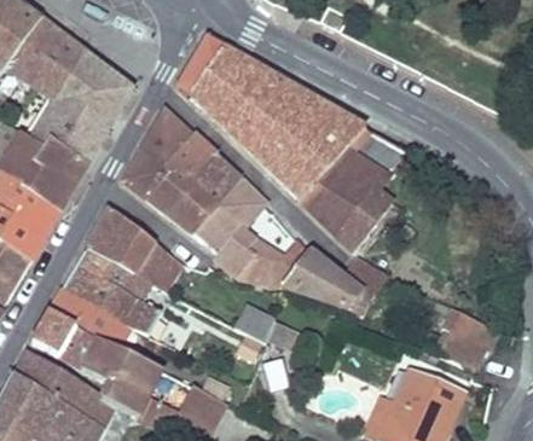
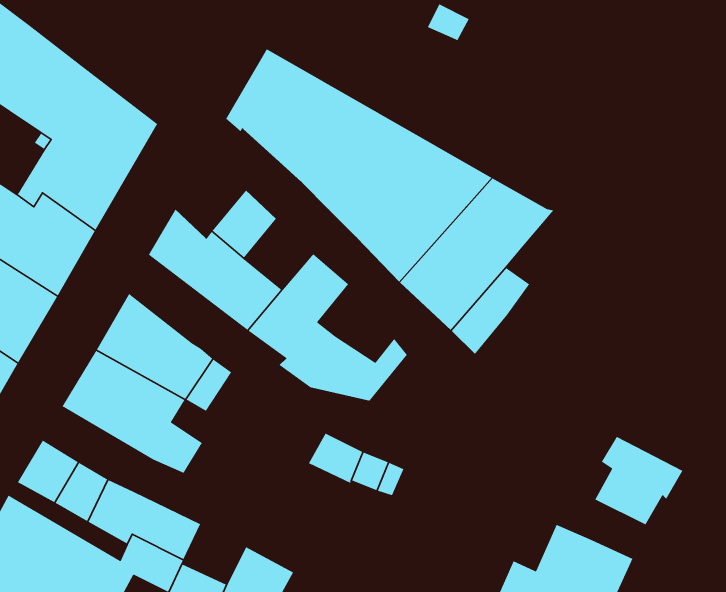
building: [141,108,192,168] -> none
building: [191,155,239,204] -> none
building: [279,250,388,313] -> none
building: [50,286,127,346] -> none

